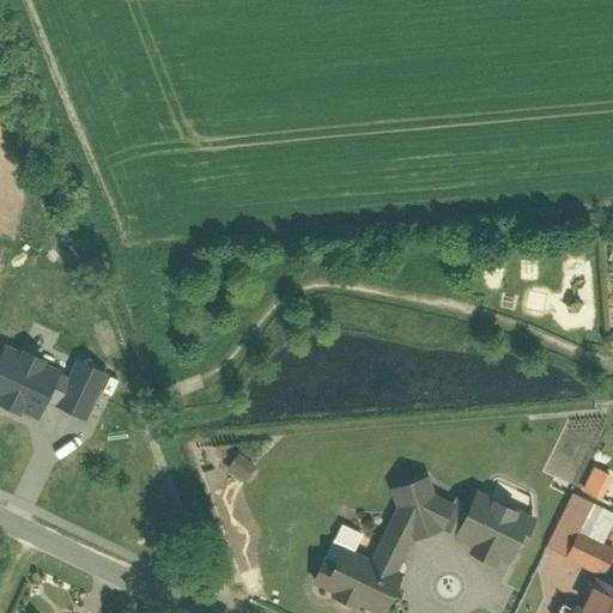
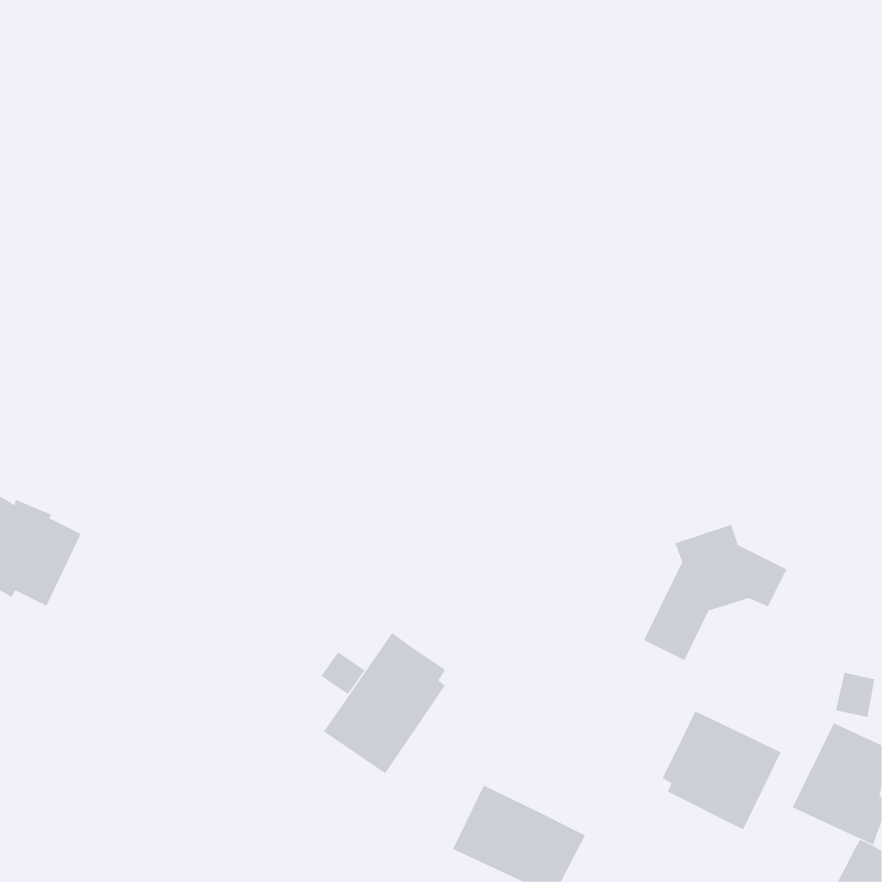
building: [47,354,102,418] -> none
building: none -> [323,632,446,774]
building: [371,480,471,575] -> [643,524,787,661]

